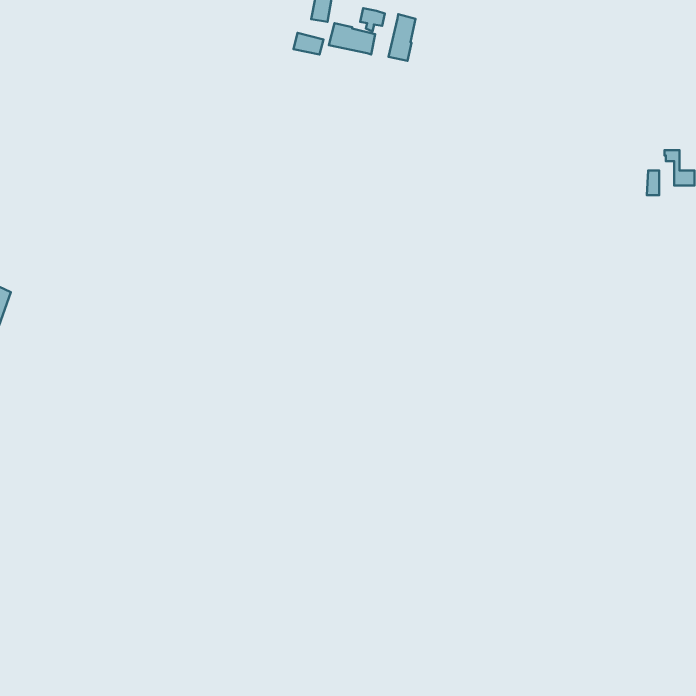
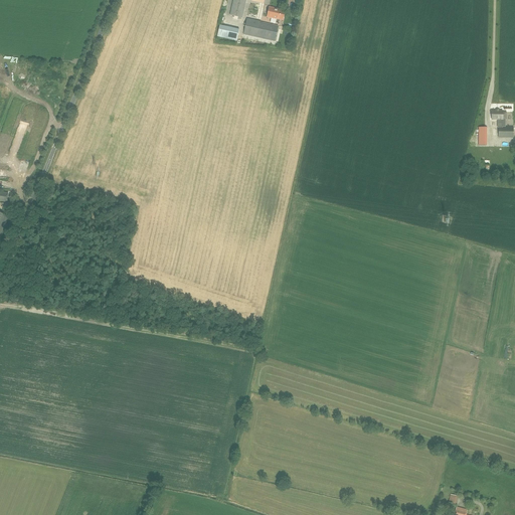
building: [389,14,415,61] -> none

